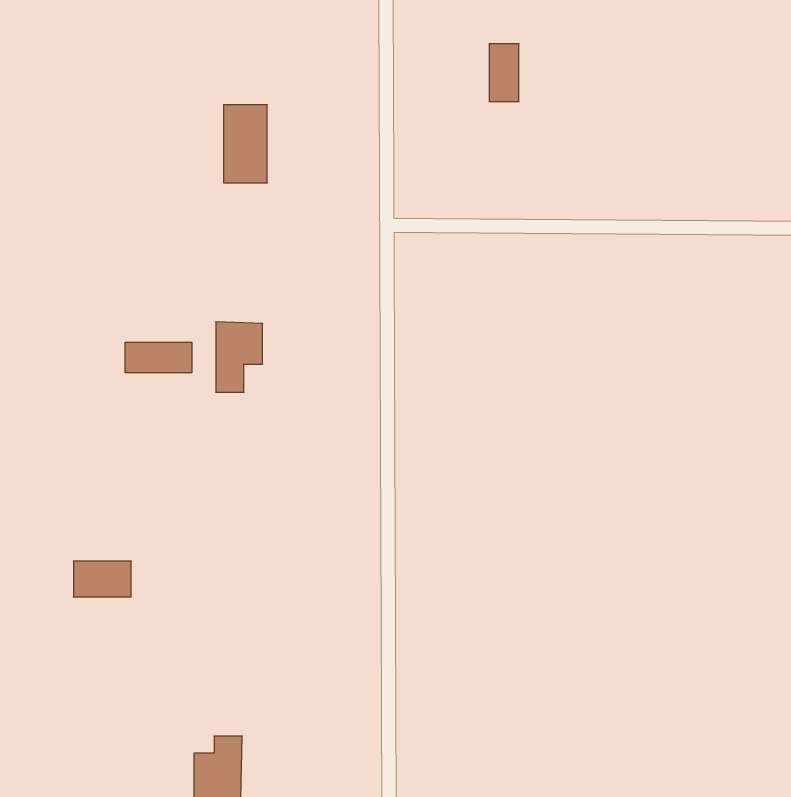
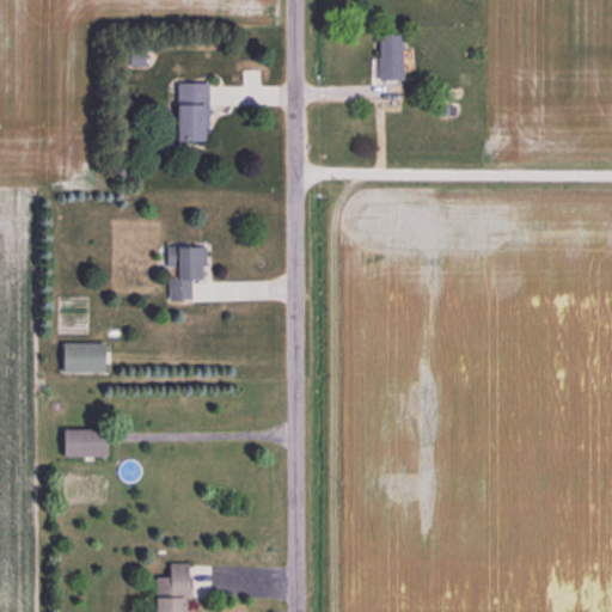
building: [125,342,192,373] -> none
building: none -> [62,344,108,373]

